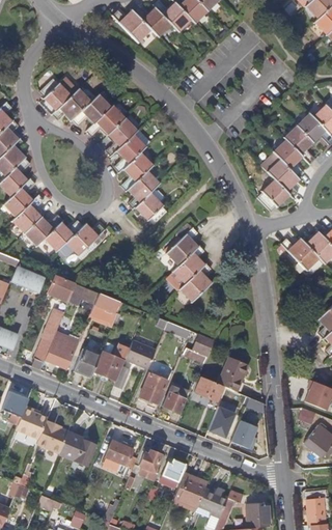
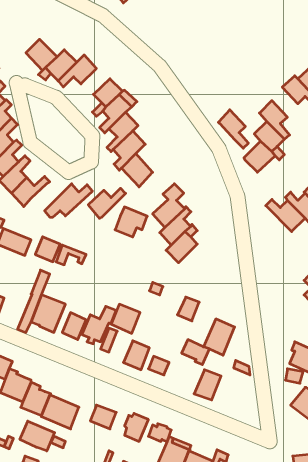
building: [87,105,125,135] -> none
building: [285,125,315,164] -> [218,110,248,148]
building: [46,220,83,250] -> [88,188,126,218]
building: [91,292,123,323] -> [115,207,147,237]
building: [233,418,260,447] -> none
building: none -> [20,421,55,451]

